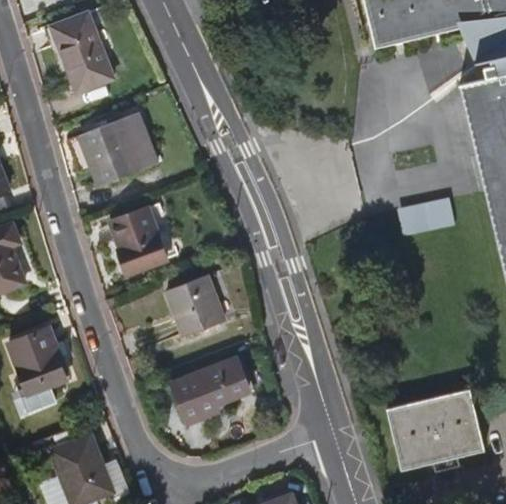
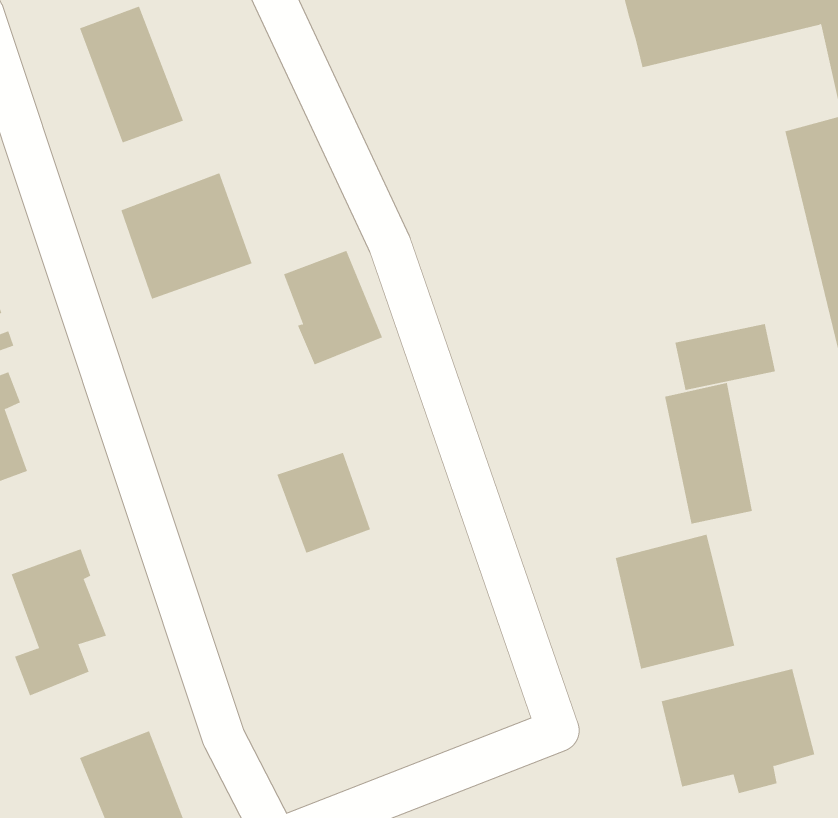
building: [110,205,168,272] -> [283,250,383,365]
building: none -> [665,382,752,524]
building: none -> [615,534,735,669]
building: [170,353,247,420] -> none

